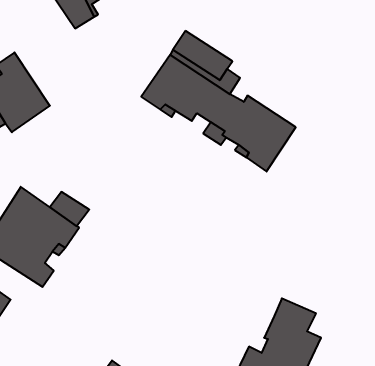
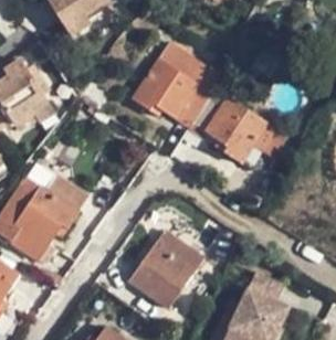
building: none -> [130,232,201,307]

